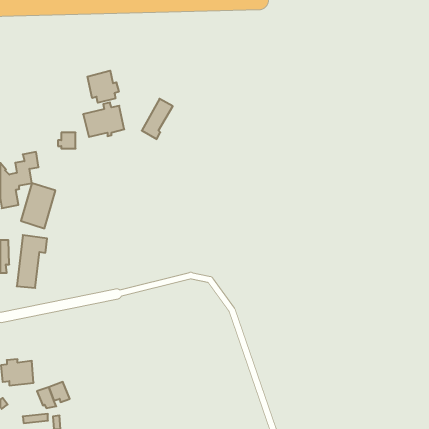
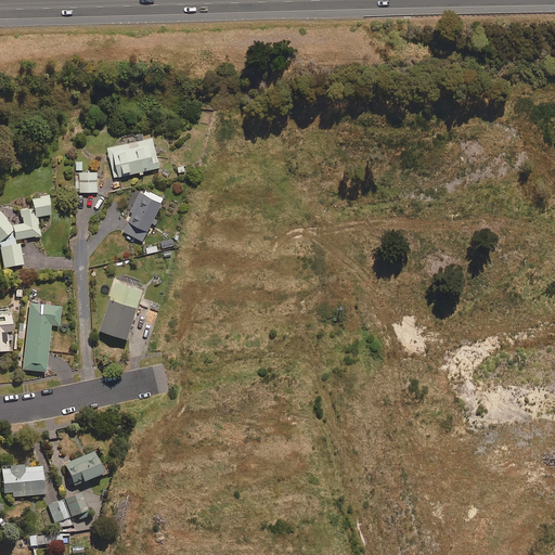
building: [87,71,119,103] -> none
building: [142,99,173,139] -> [124,190,164,242]
building: [21,183,55,228] -> [98,281,142,339]
building: none -> [64,452,102,486]

